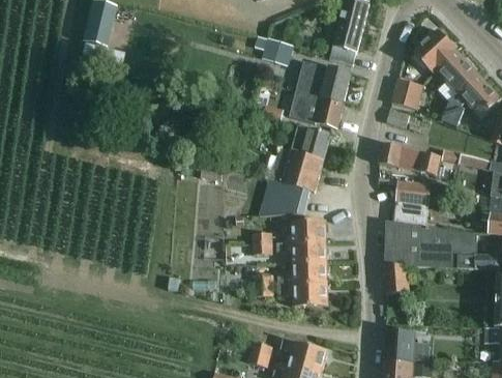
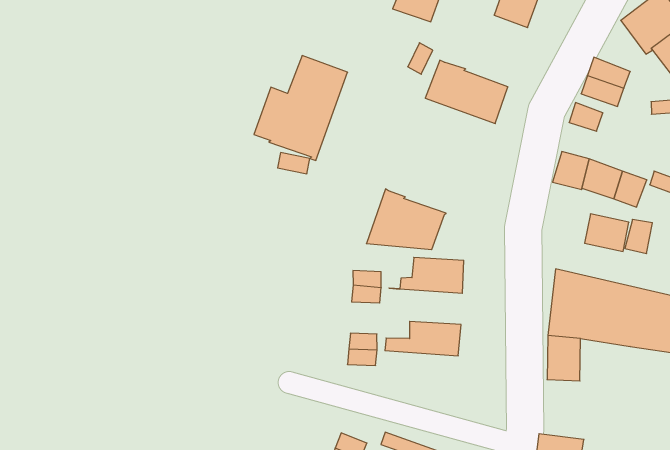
building: [300,62,352,103] -> none
building: [271,123,329,192] -> [254,56,348,160]
building: [395,202,430,226] -> none
building: [277,241,327,263] -> none
building: [278,283,328,306] -> none

